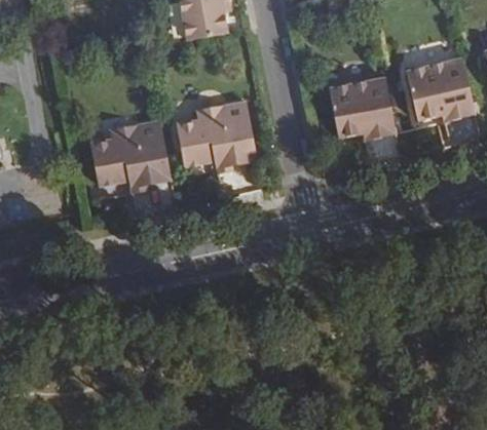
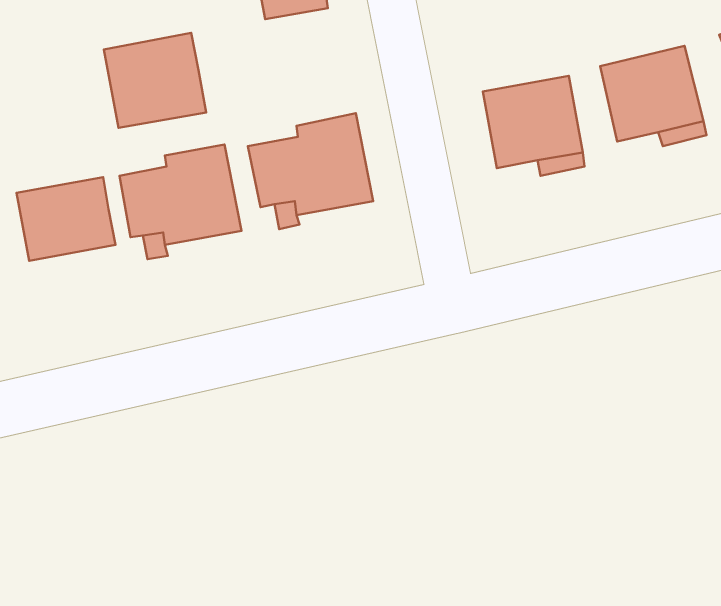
building: none -> [104,33,206,128]
building: none -> [17,177,116,261]

